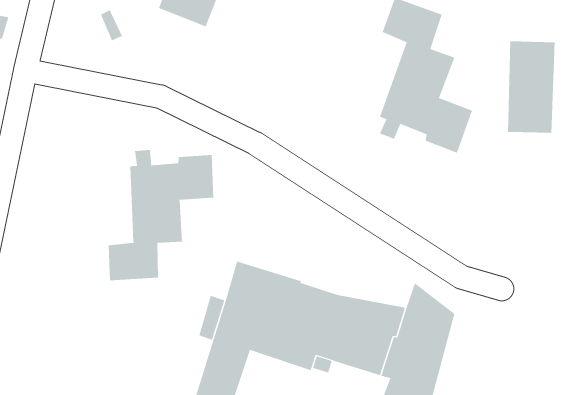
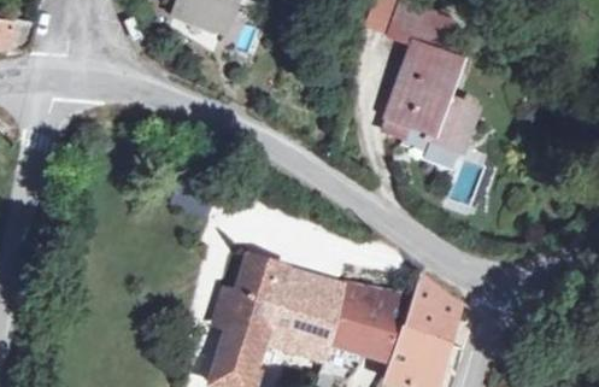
building: [507,40,555,133] -> none
building: [108,149,214,281] -> none

